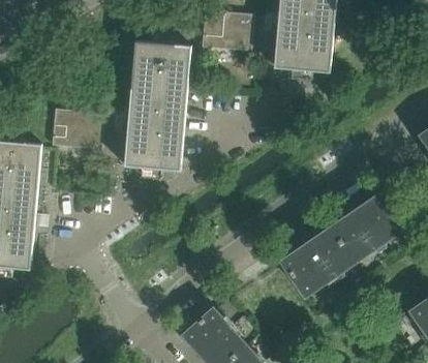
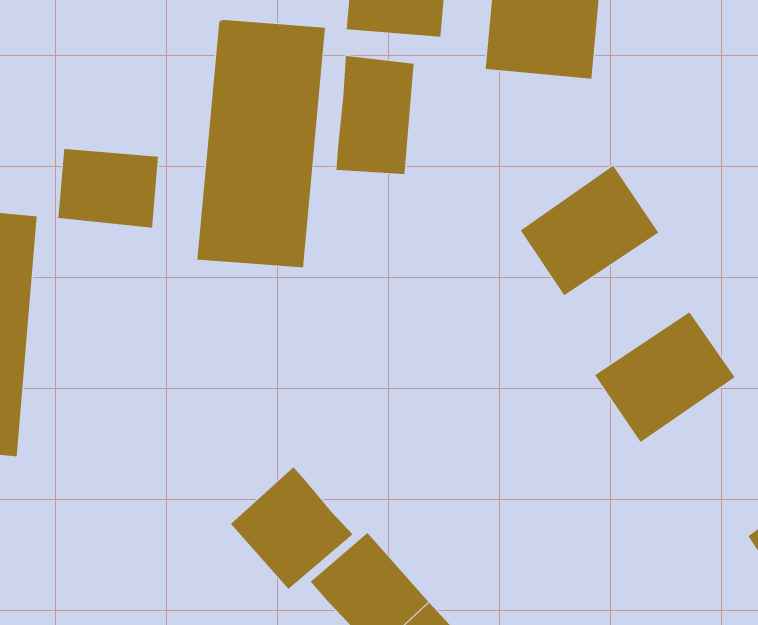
building: none -> [336,55,414,175]
building: [281,226,354,295] -> [520,165,659,296]
building: none -> [230,467,353,590]

